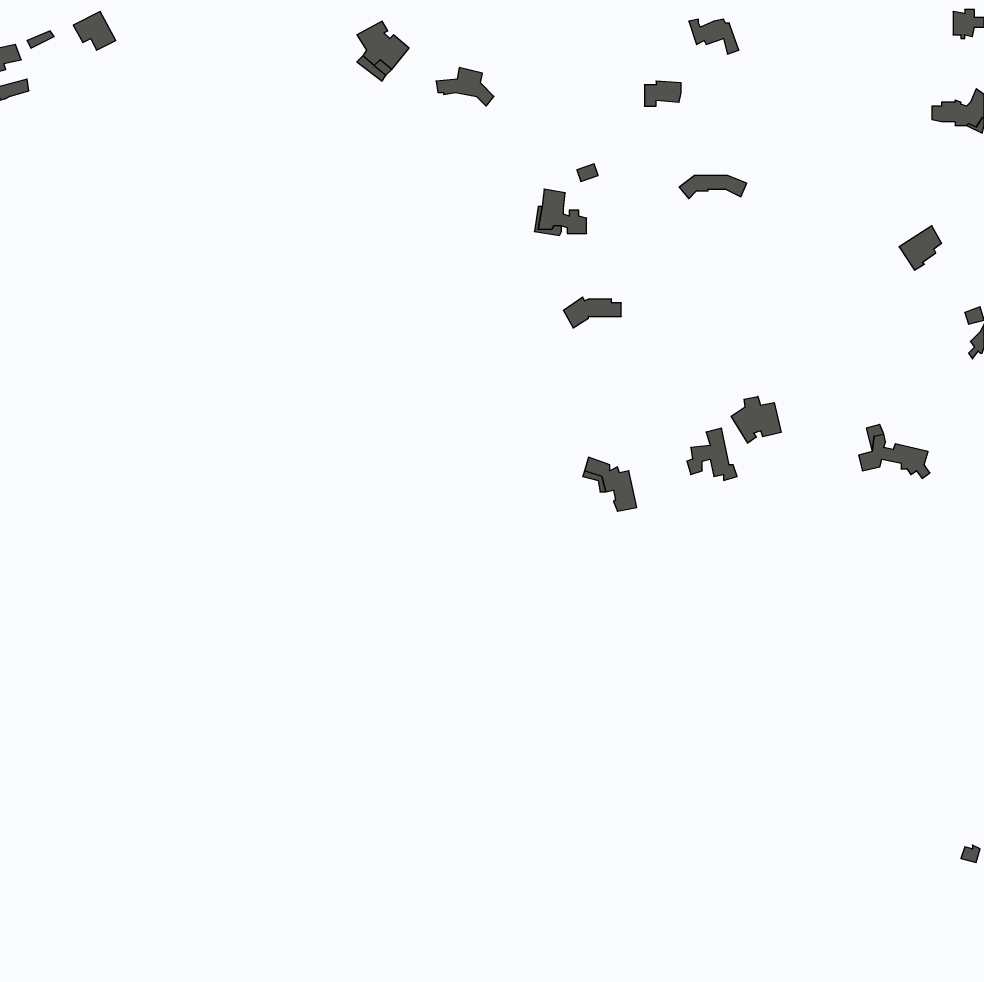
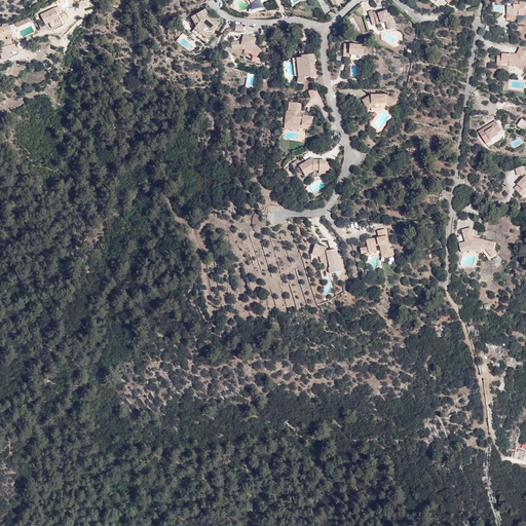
building: none -> [296,52,314,82]
building: [731,396,781,443] -> none

